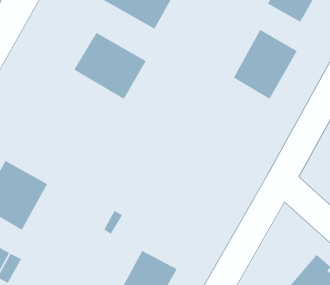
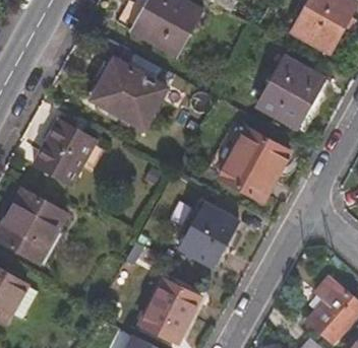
building: none -> [39,118,100,185]
building: none -> [221,132,284,201]
building: none -> [182,206,236,266]

